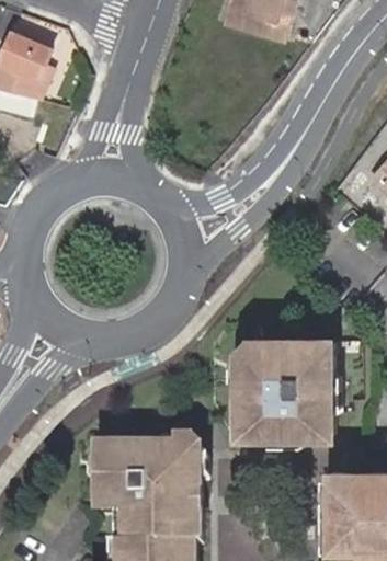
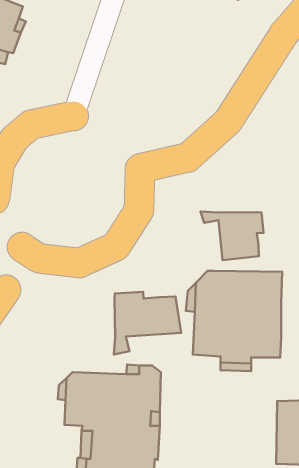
building: none -> [201,211,263,260]
building: none -> [114,292,181,354]

